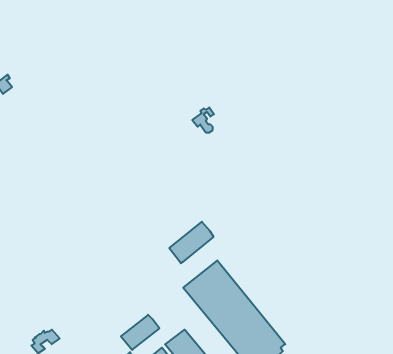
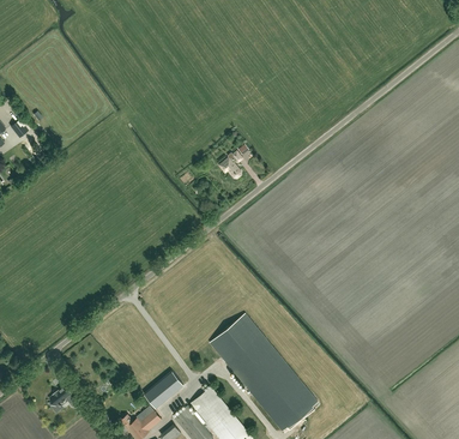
building: [169,222,213,263] -> none

